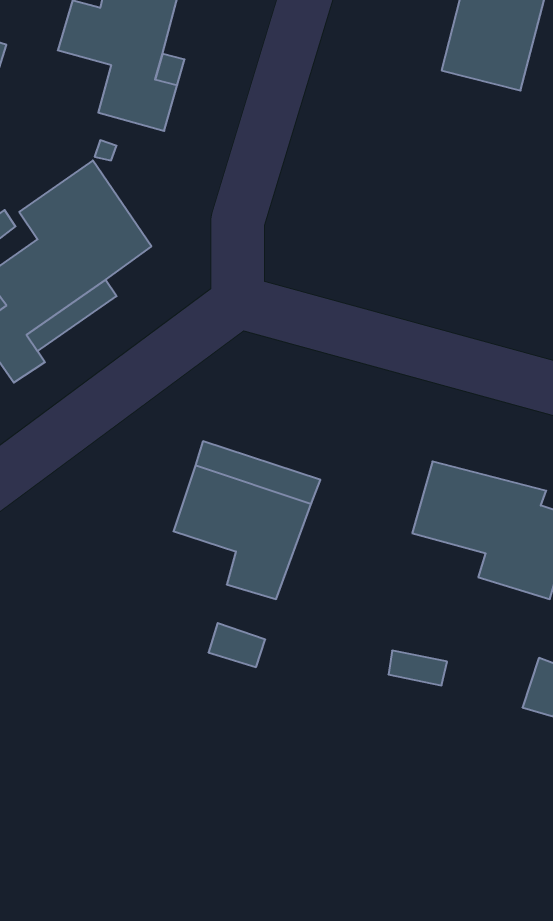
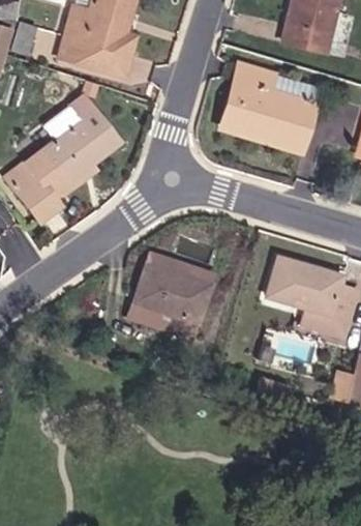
building: none -> [59,31,97,66]
building: none -> [219,64,321,151]

